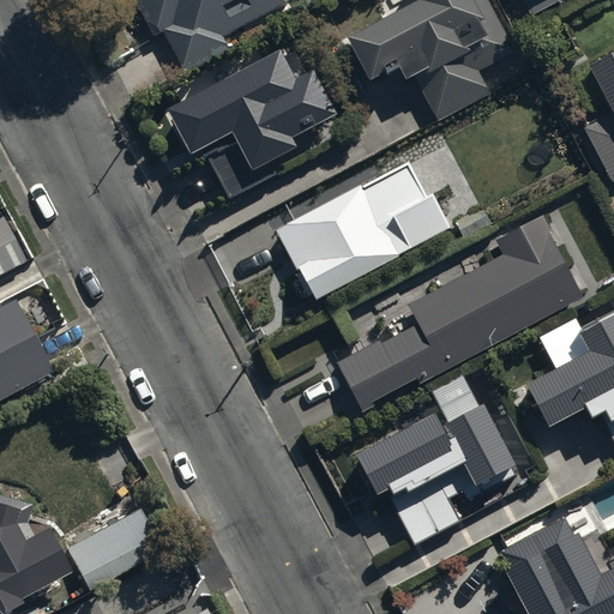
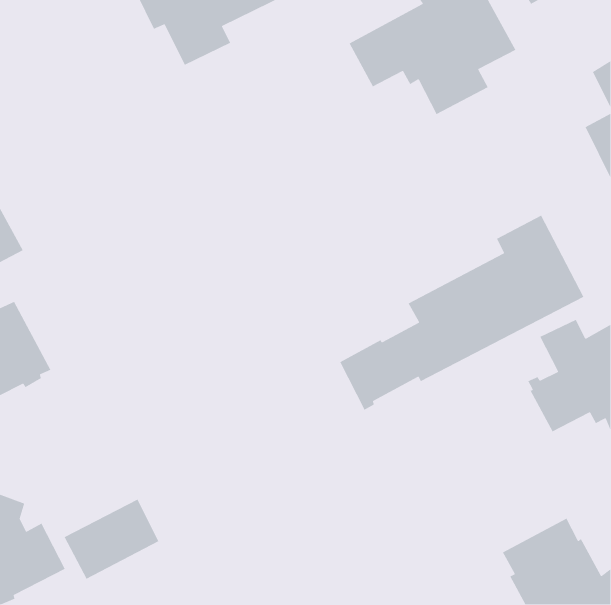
building: [169,41,337,187] -> none
building: [277,173,447,301] -> none
building: [361,410,520,543] -> none

